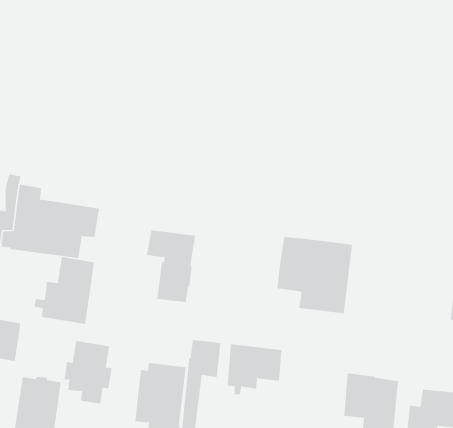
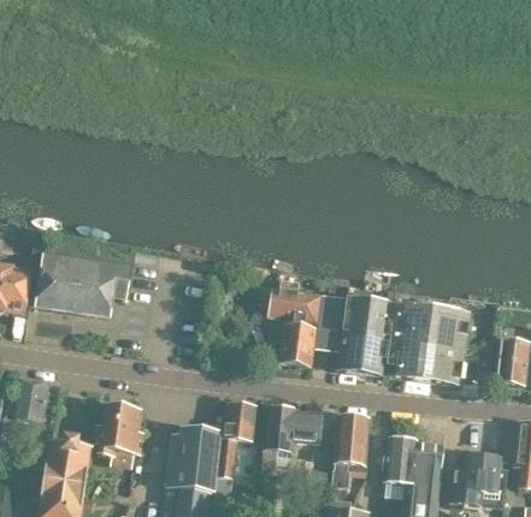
building: [146,230,196,303] -> [269,290,320,366]
building: none -> [385,303,468,385]
building: [34,256,94,325] -> none
building: none -> [331,415,368,488]

